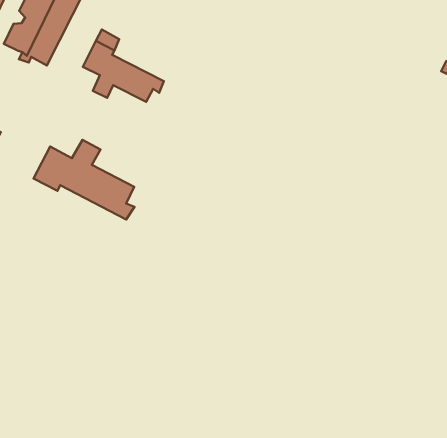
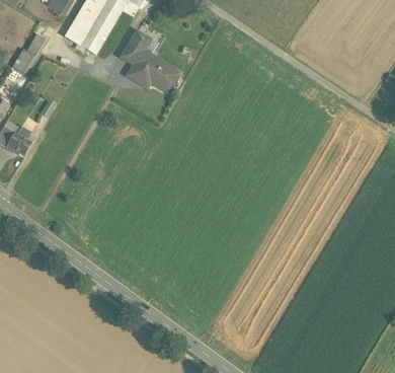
building: [34,140,134,220] -> none

